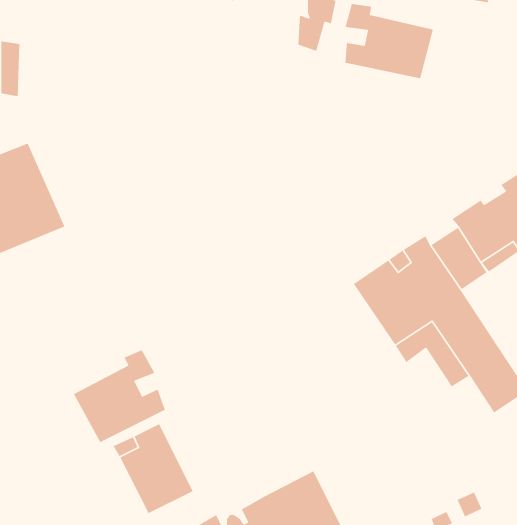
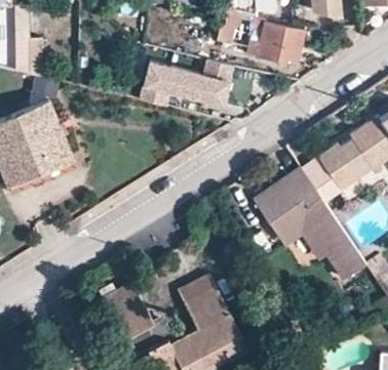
building: none -> [139,63,230,109]
building: [73,349,166,443] -> none
building: none -> [183,287,228,329]

